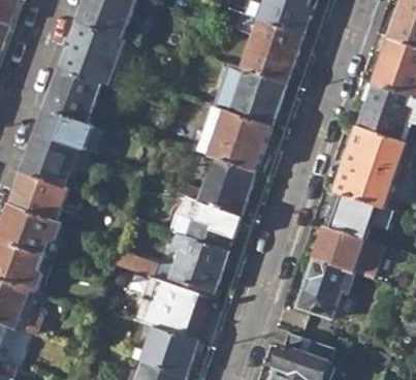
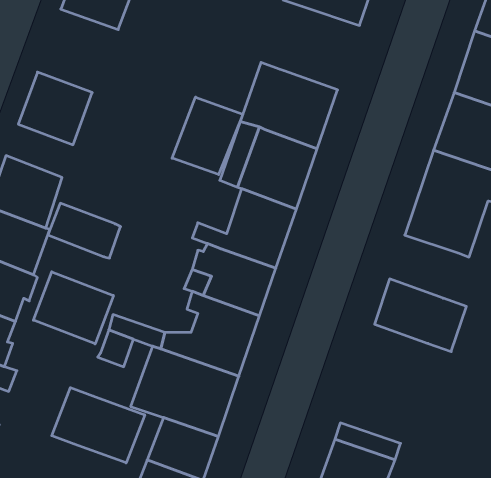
building: [242,19,301,82] -> none
building: [59,21,125,88] -> none
building: none -> [172,97,243,175]
building: [35,107,90,149] -> [48,203,121,258]
building: [324,191,376,239] -> none
building: none -> [33,272,113,344]
building: [296,258,353,318] -> none
building: none -> [52,388,145,463]

